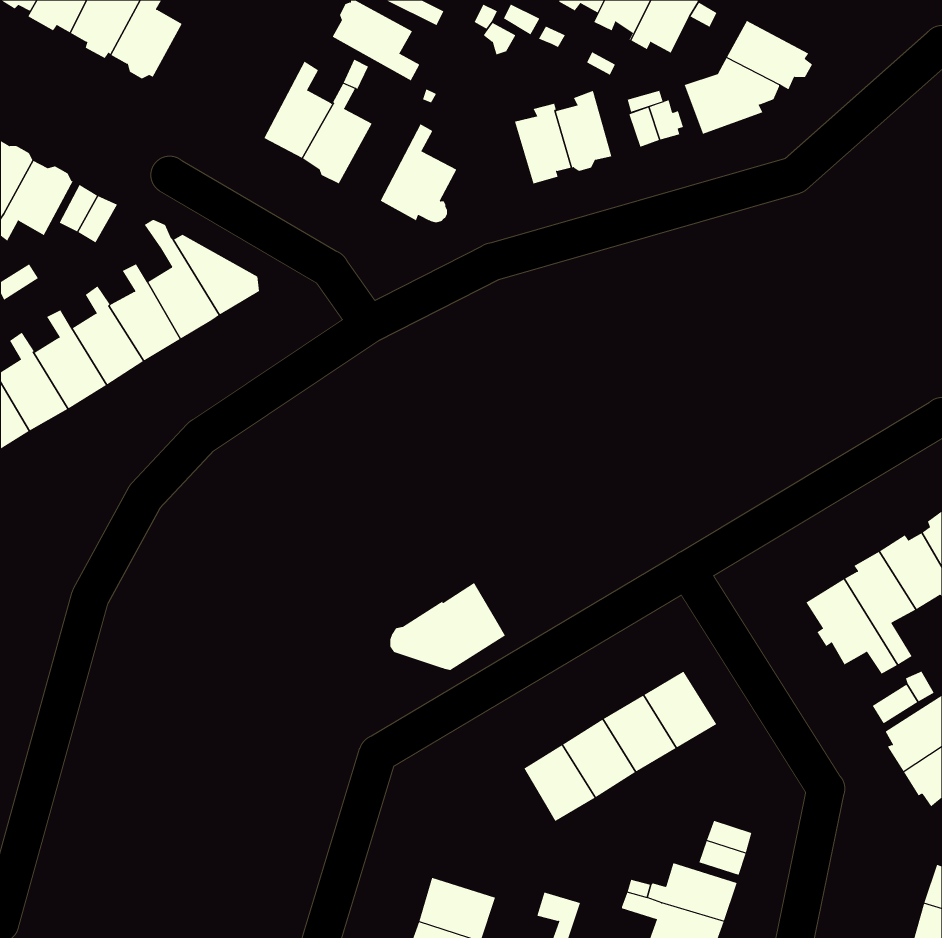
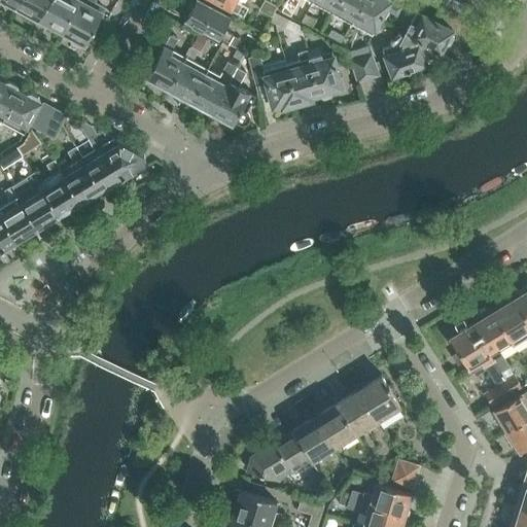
building: none -> [189,67,235,114]
building: none -> [262,69,297,109]
building: [390,582,506,671] -> [245,431,310,481]

